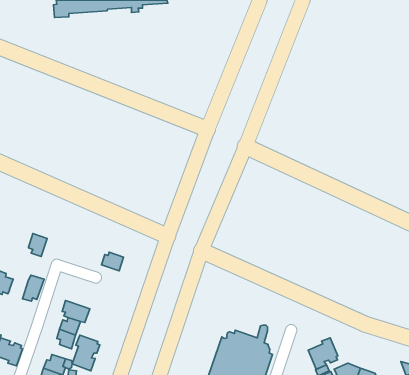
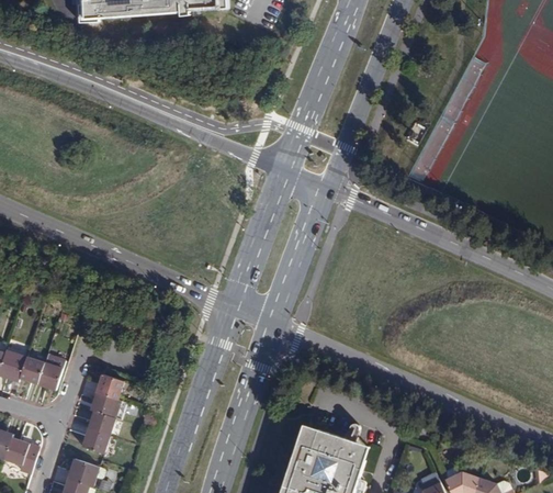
building: [28,234,47,256] -> [22,358,46,388]
building: [102,252,123,271] -> [94,373,123,397]
building: [72,335,100,371] -> none
building: [308,338,338,369] -> none

